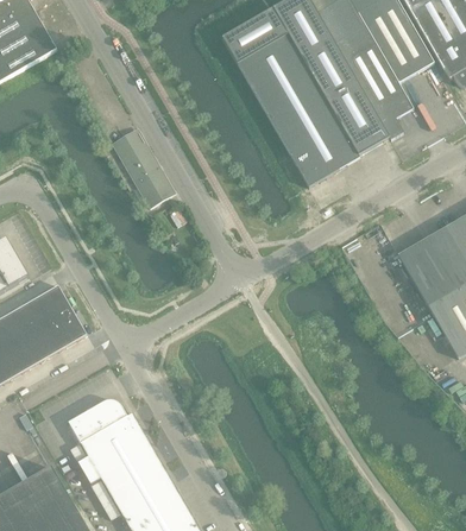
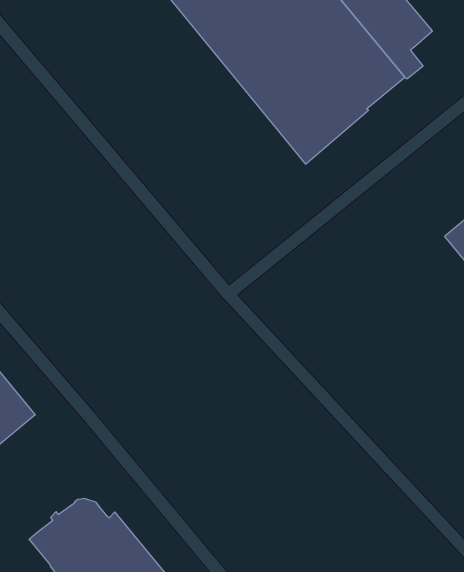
building: [111,127,174,207] -> none

